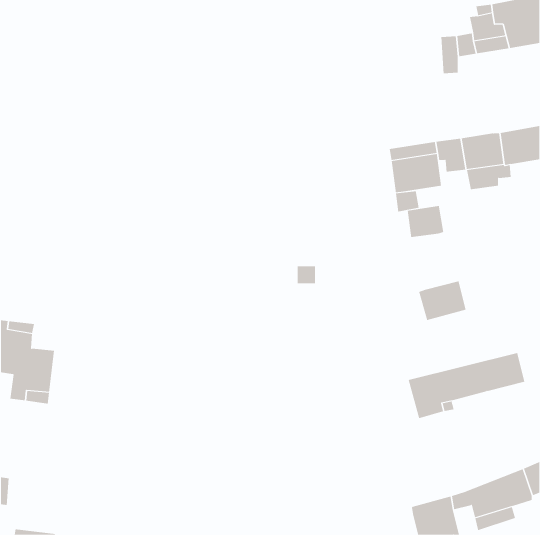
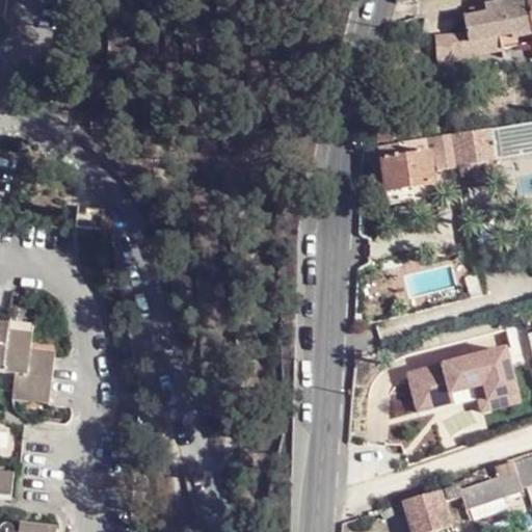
building: [407,205,444,238] -> none
building: [419,281,466,321] -> none
building: none -> [479,376,523,410]

